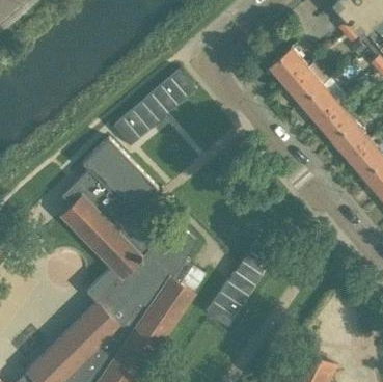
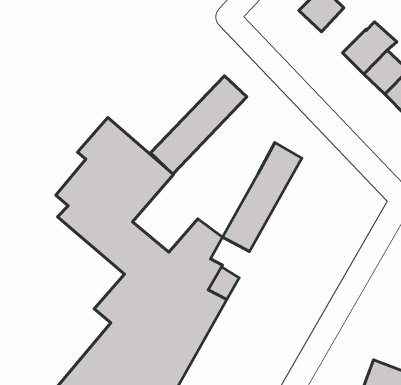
building: [286,65,323,102] -> none
building: [112,71,194,146] -> [150,76,247,174]
building: [204,241,274,327] -> [223,143,302,251]

